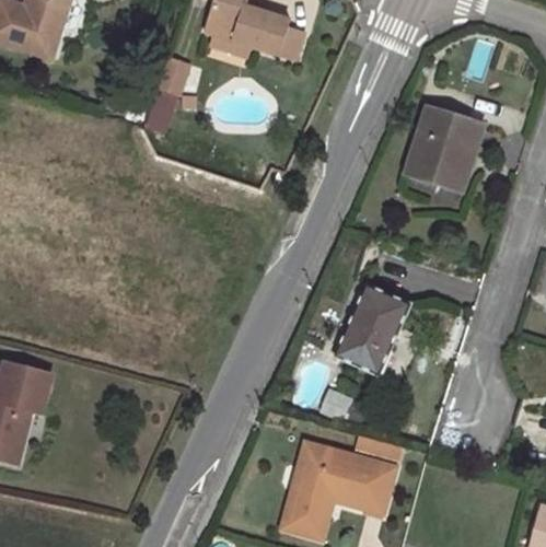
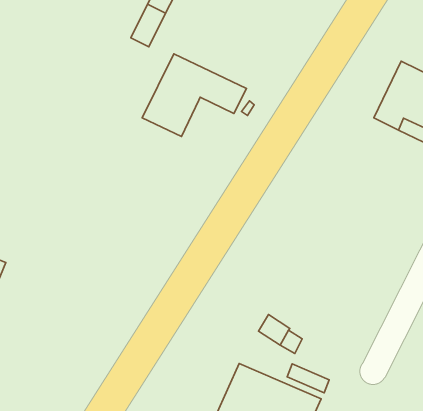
building: none -> [142,54,247,137]
building: [334,283,411,376] -> none

